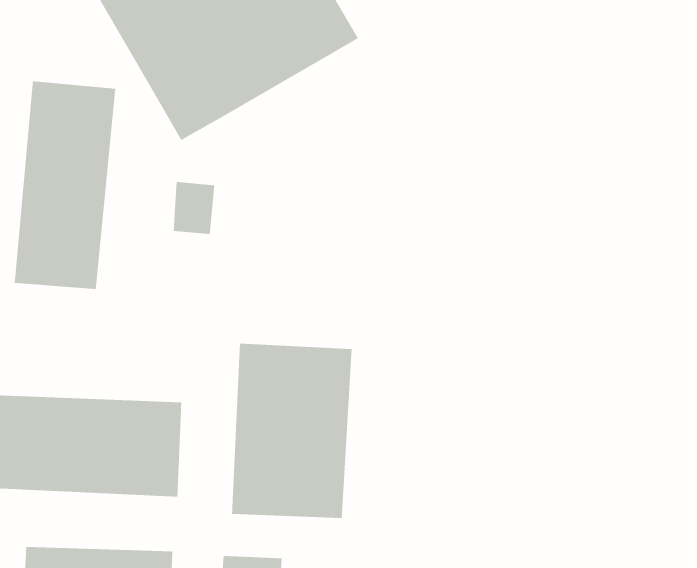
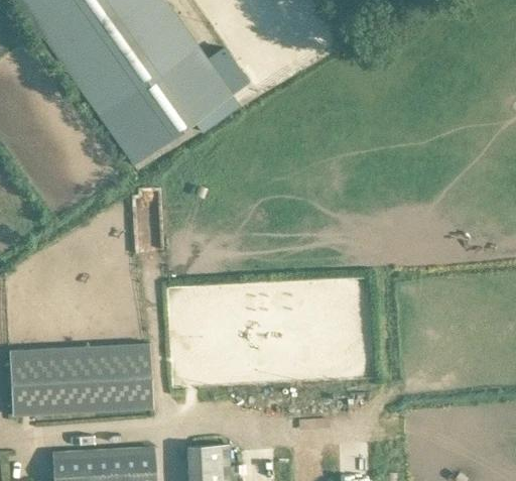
building: [14,80,116,290] -> none
building: [231,343,352,519] -> none

